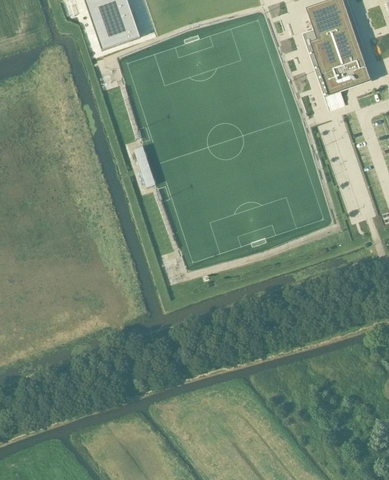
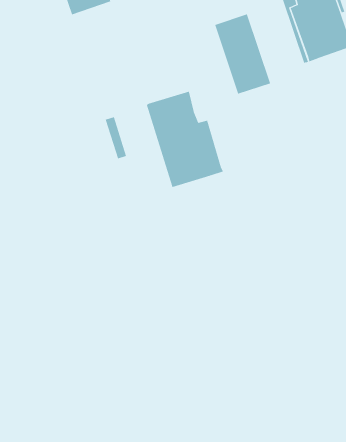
building: none -> [214,14,271,95]
building: none -> [146,91,224,188]

